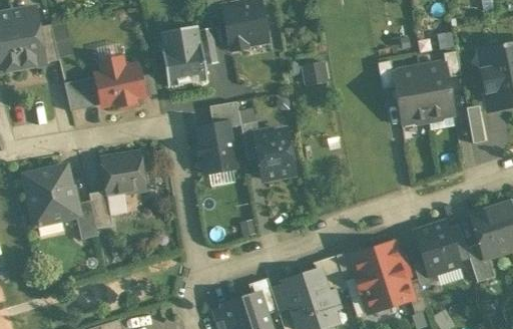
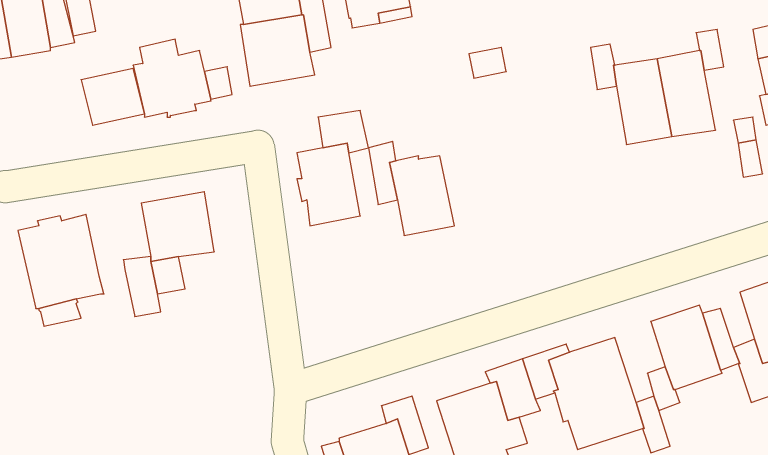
building: [75,200,99,239] -> none

